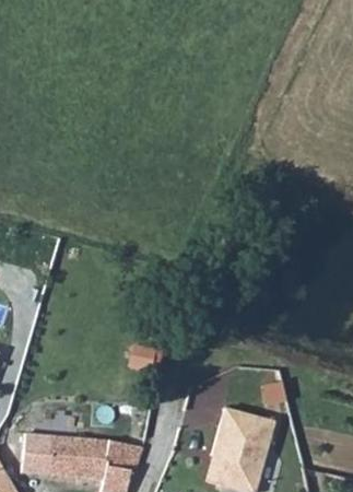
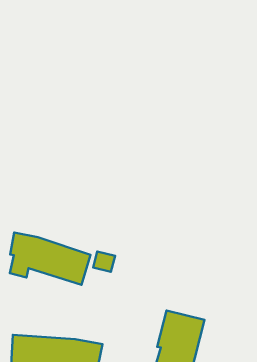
building: none -> [10,233,91,285]

